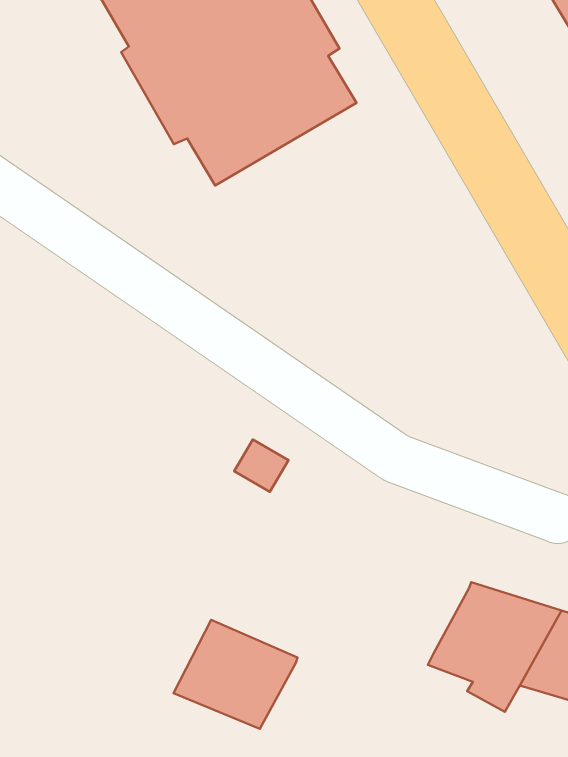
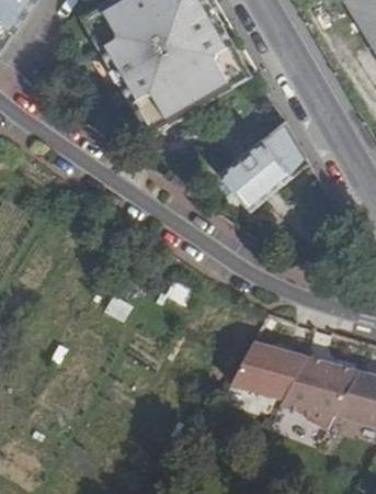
building: none -> [218,117,310,212]
building: [173,620,298,729] -> [233,334,306,397]

